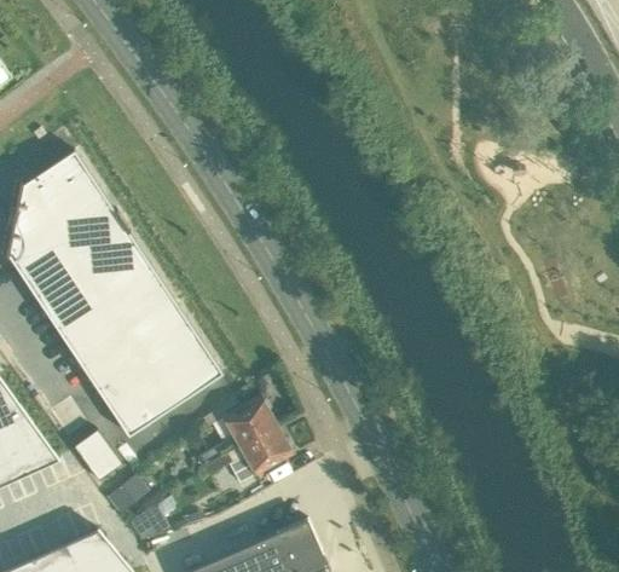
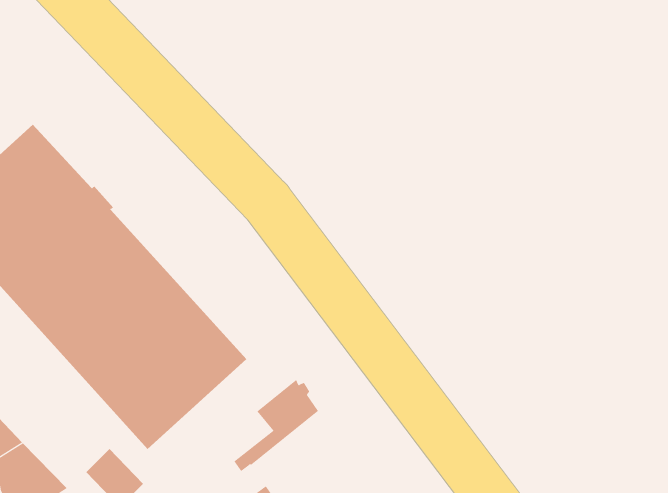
building: [212,427,293,476] -> none

